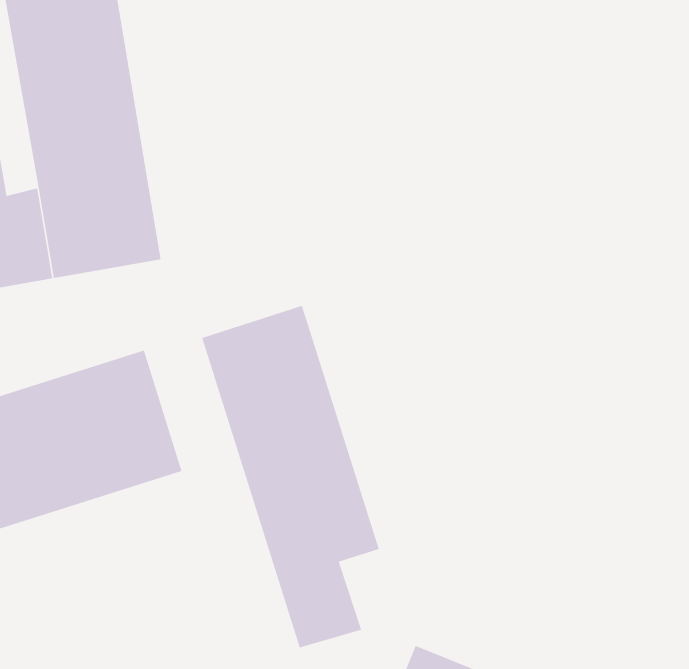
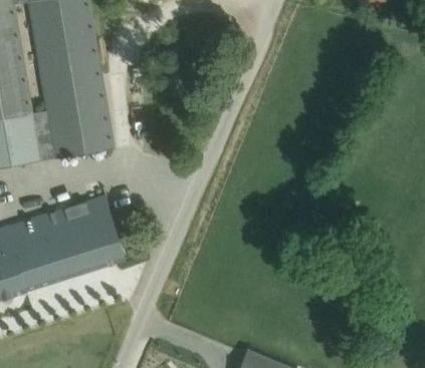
building: [201,305,380,648] -> none

